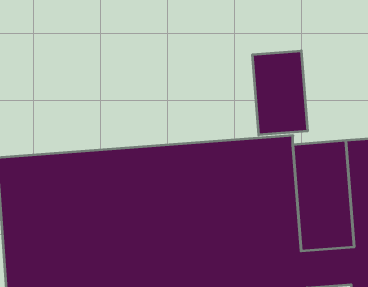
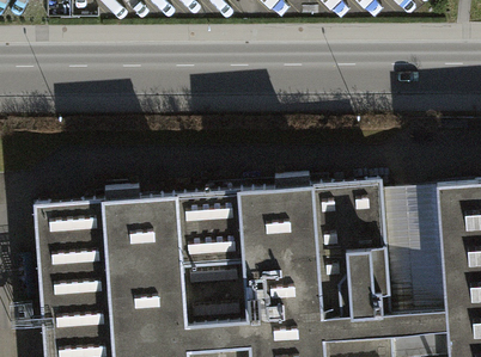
building: [253,51,307,135] -> none

